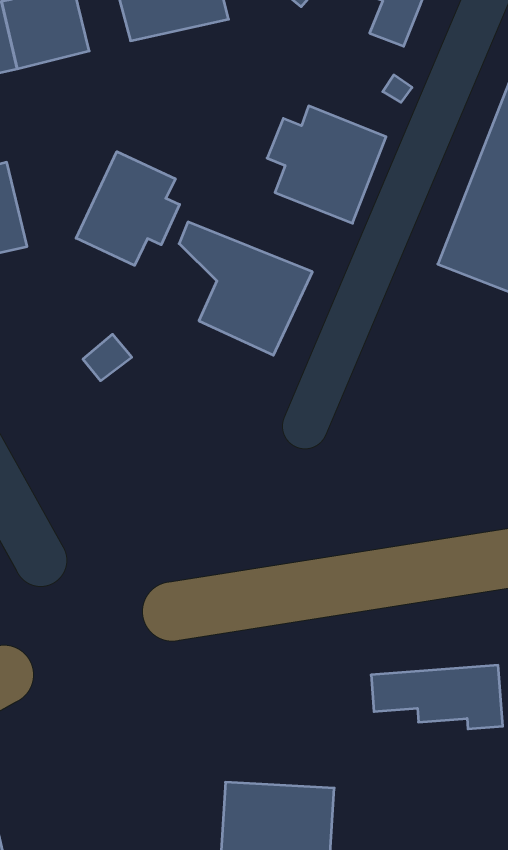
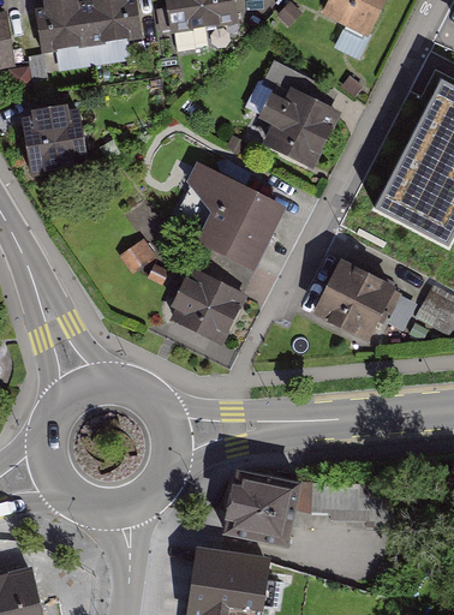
building: [76,152,180,265] -> none
building: none -> [312,263,396,346]
building: none -> [172,262,245,341]
building: none -> [231,480,295,541]

